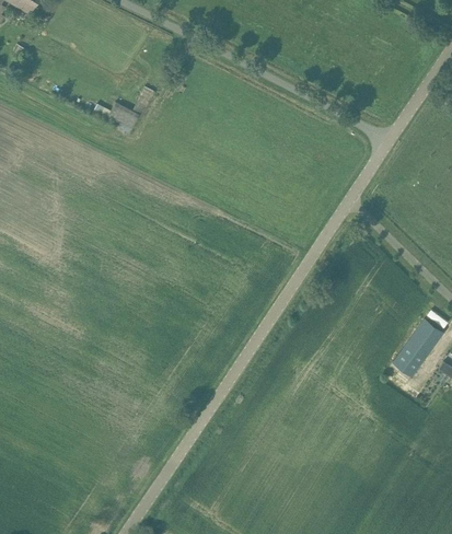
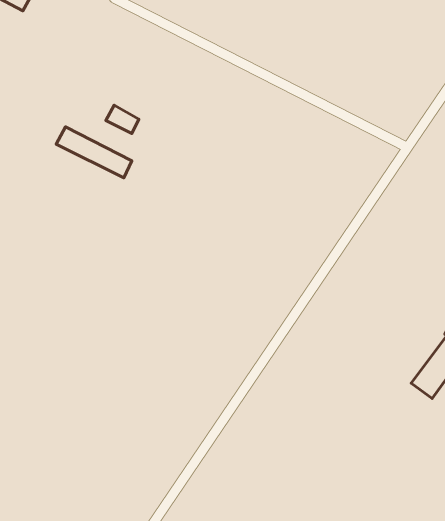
building: none -> [56,127,132,178]

